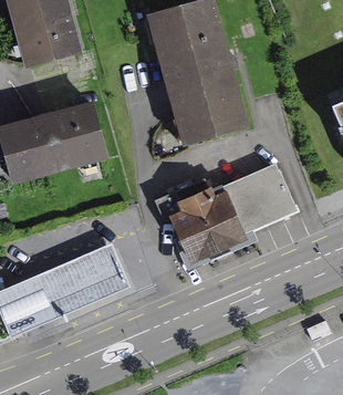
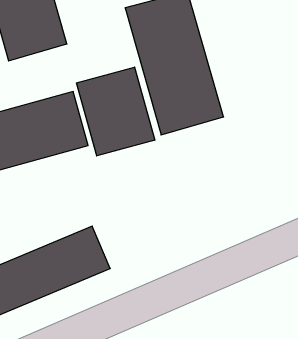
building: none -> [77,67,155,156]
building: [169,163,306,267] -> none

